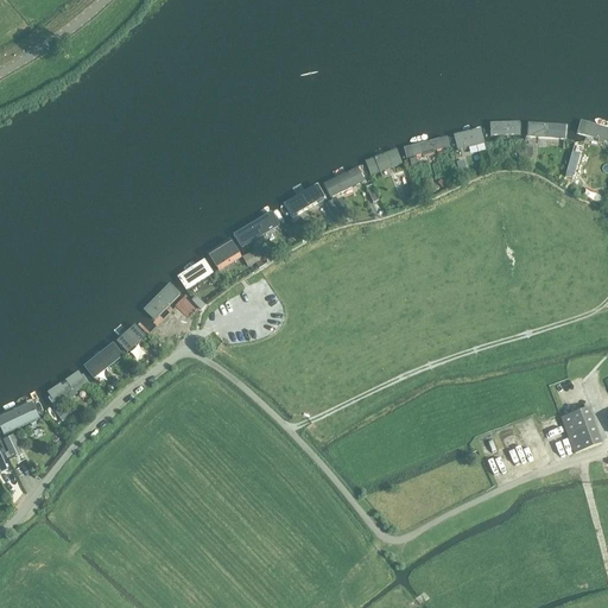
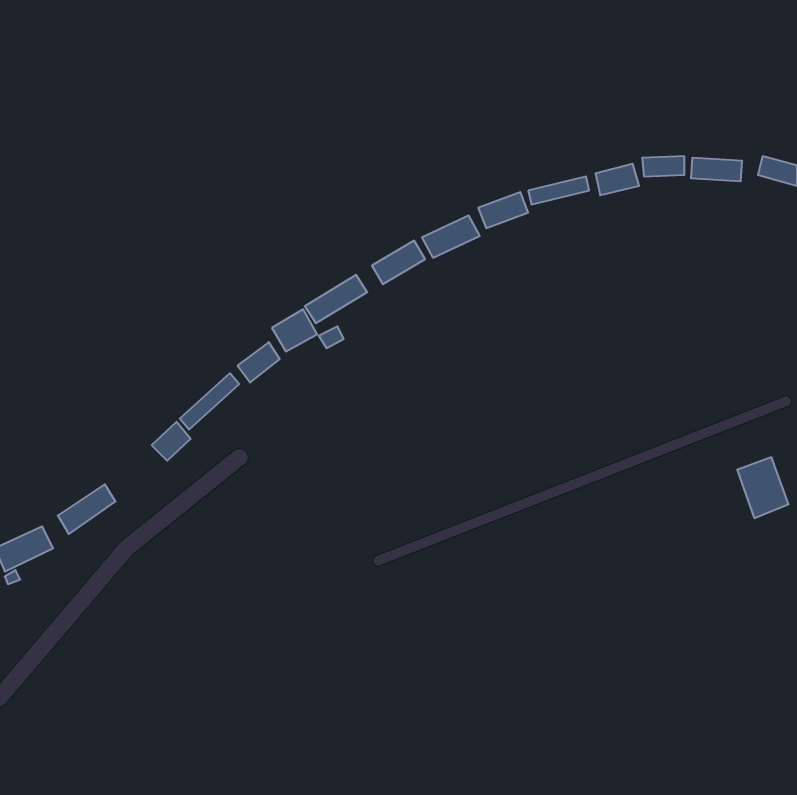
building: [82,341,121,376] -> none
building: [559,403,598,449] -> [737,457,789,518]

